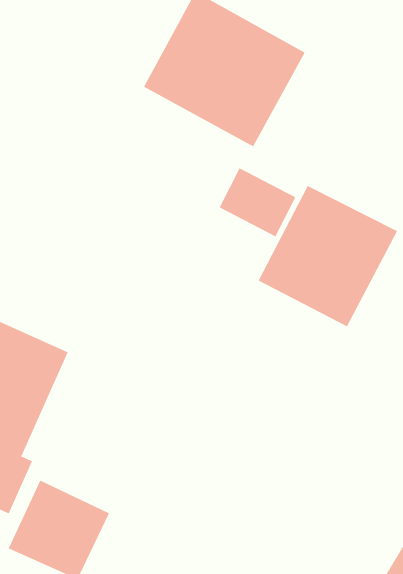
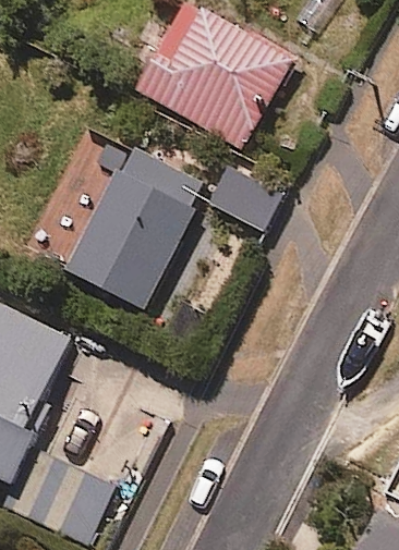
building: none -> [62,147,205,308]
building: [258,185,398,327] -> none

